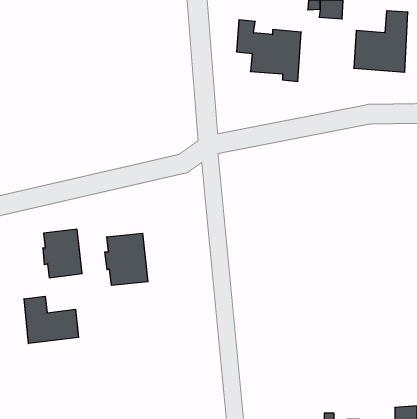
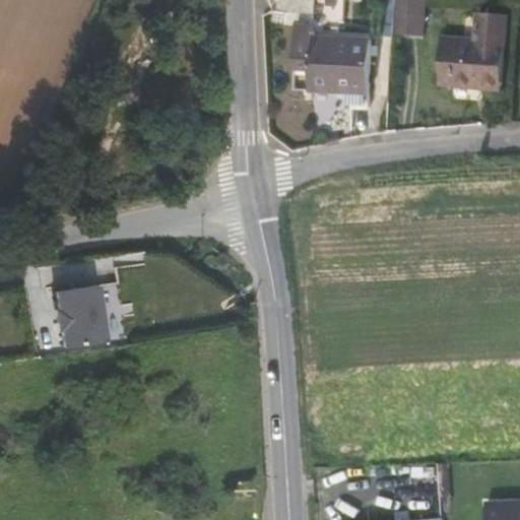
building: [105,233,148,285] -> none
building: [24,296,79,344] -> none

